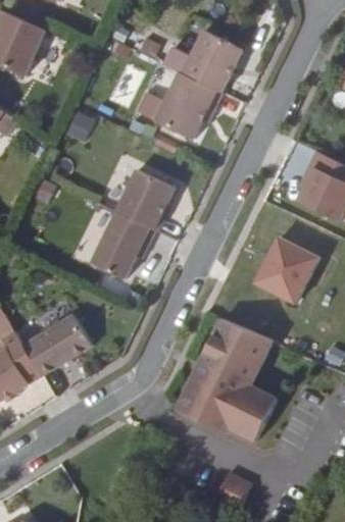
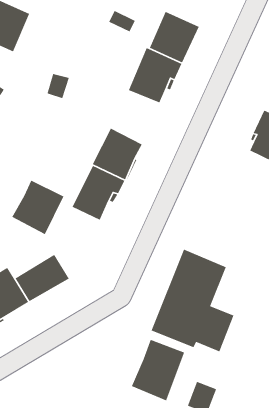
building: [245,225,312,297] -> none
building: none -> [11,180,64,236]
building: none -> [131,339,185,402]

